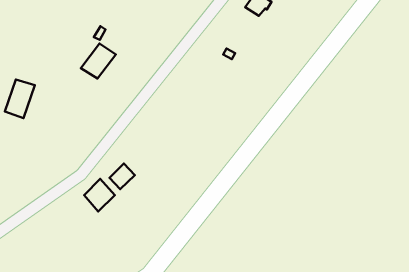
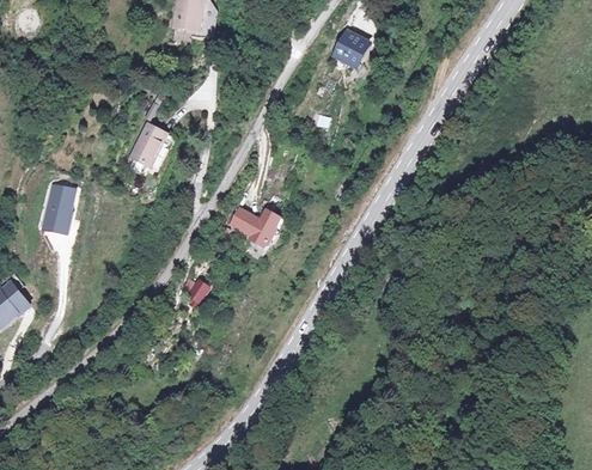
building: none -> [231,207,282,248]
building: [84,179,115,211] -> none

